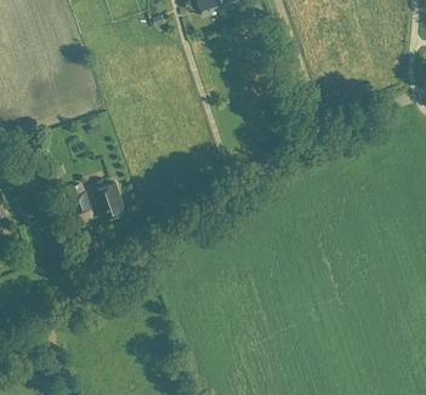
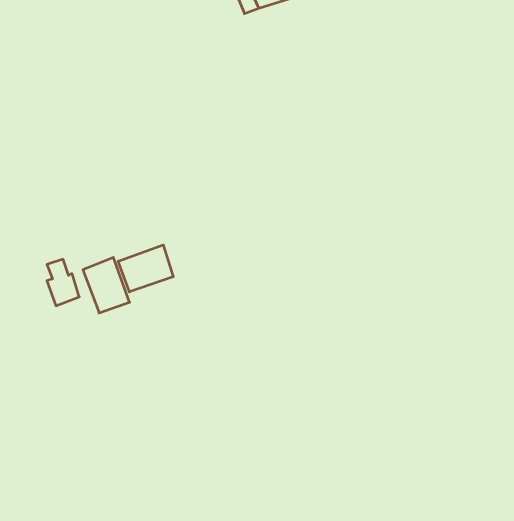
building: none -> [118,245,173,292]

